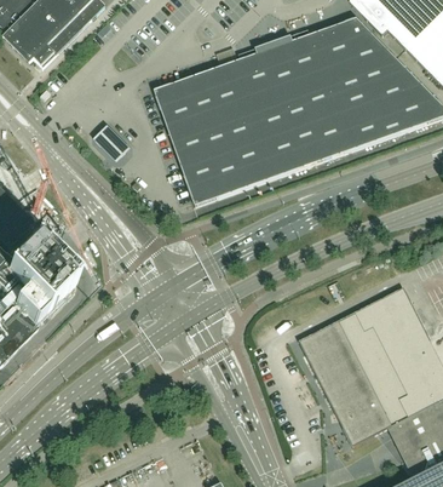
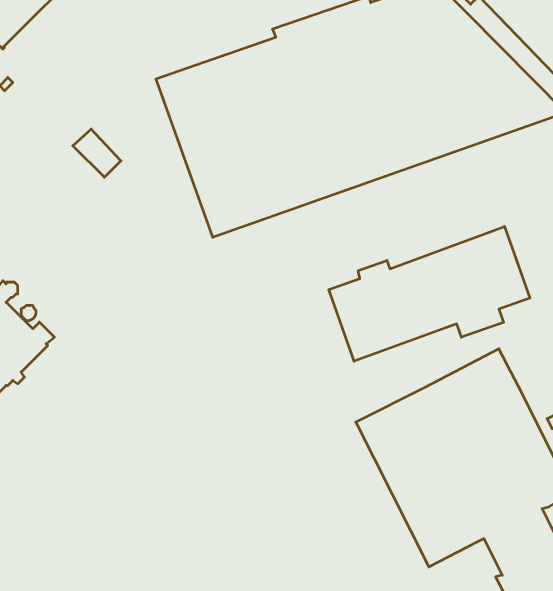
building: none -> [329,226,530,361]

